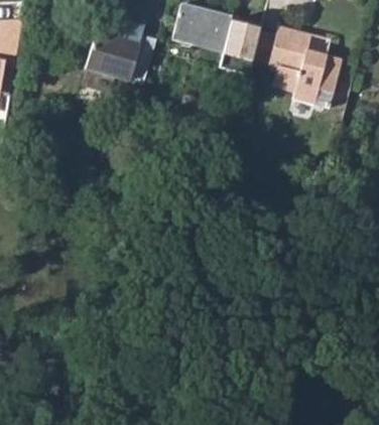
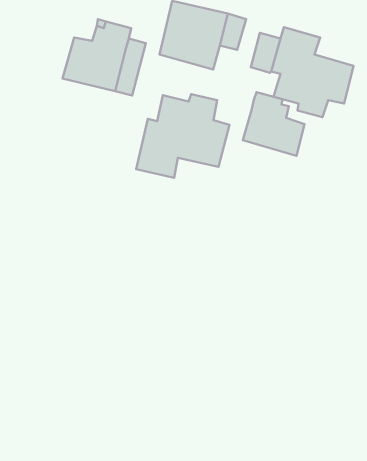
building: none -> [243,92,305,156]
building: none -> [136,94,230,178]

